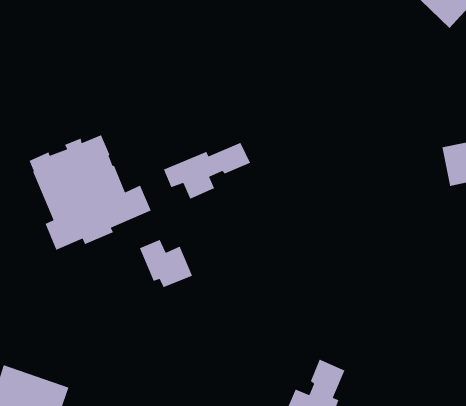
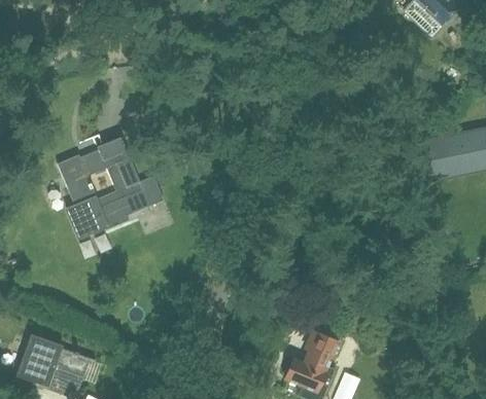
building: [163,142,251,200] -> none
building: [139,239,193,289] -> none

